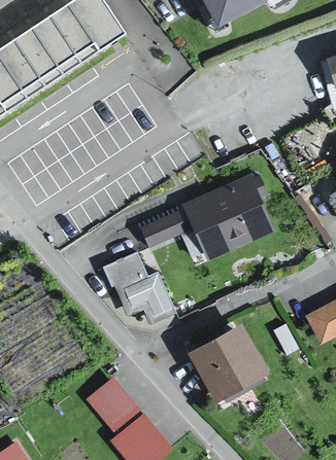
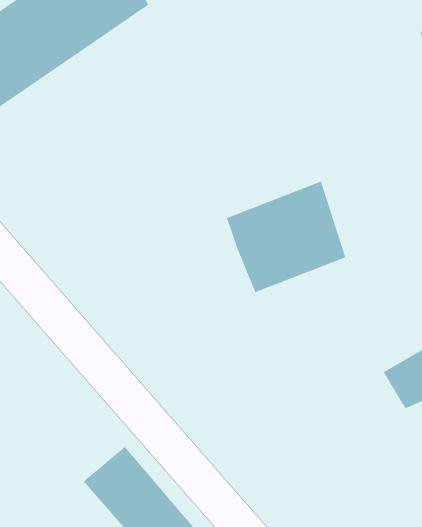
building: [132,203,194,245] -> none
building: [99,251,174,316] -> none
building: [193,324,272,398] -> none

